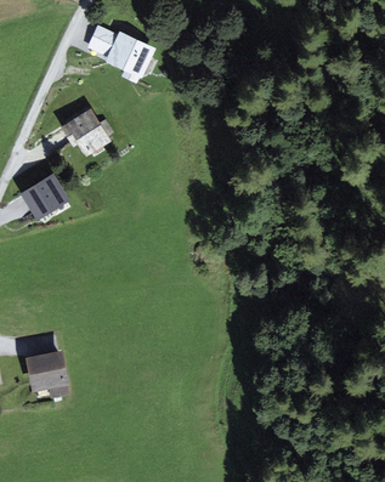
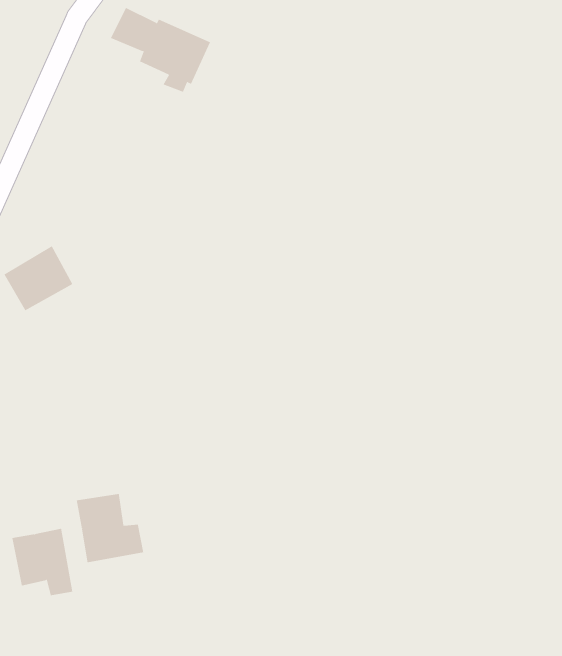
building: [62,109,112,154] -> none
building: none -> [76,493,144,563]

